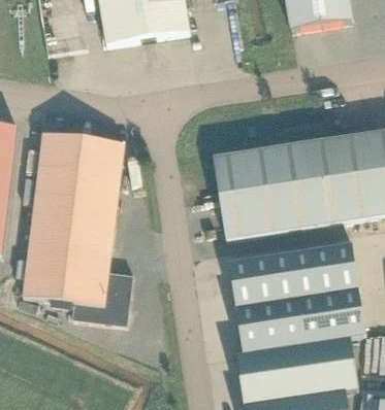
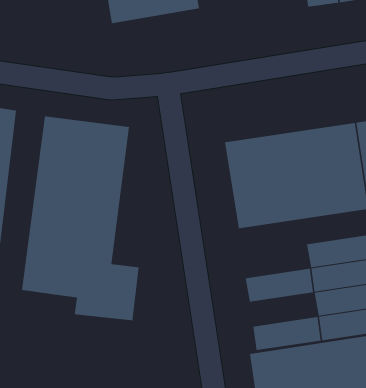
building: [229,252,294,284] -> none
building: [236,298,301,330] -> none

